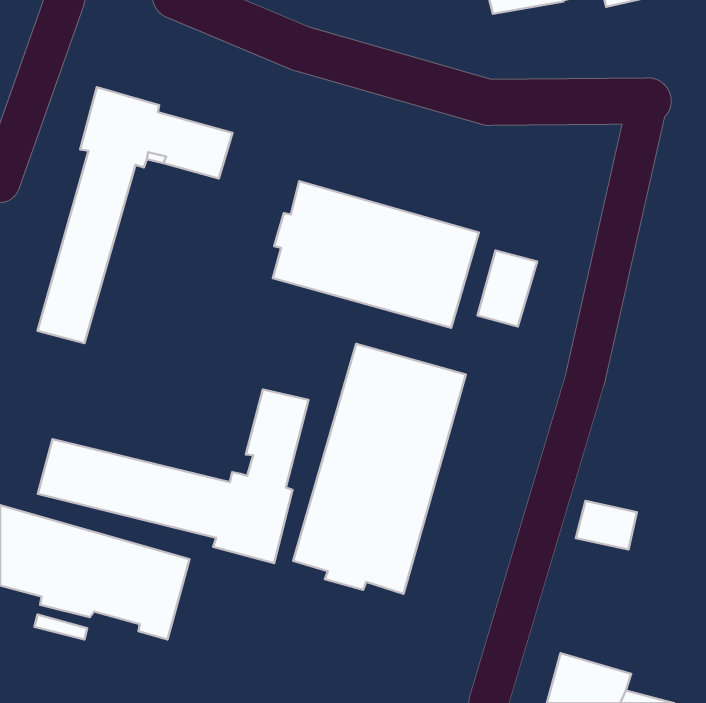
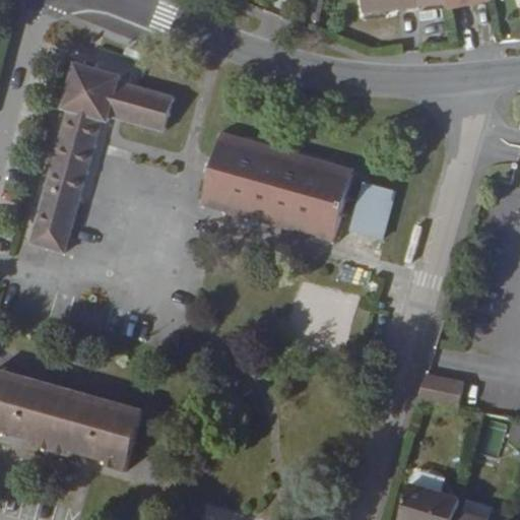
building: [293,344,466,594] -> none
building: [38,390,308,563] -> none

